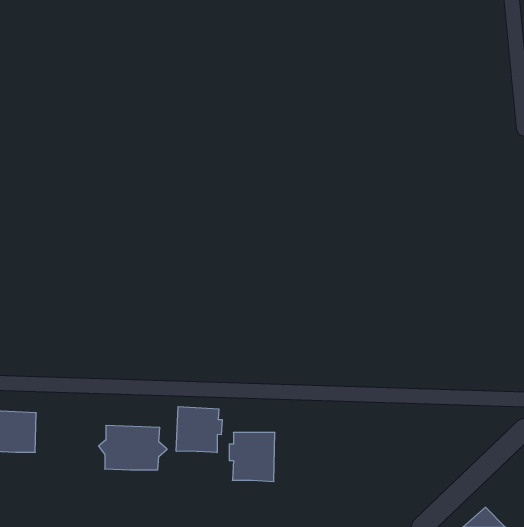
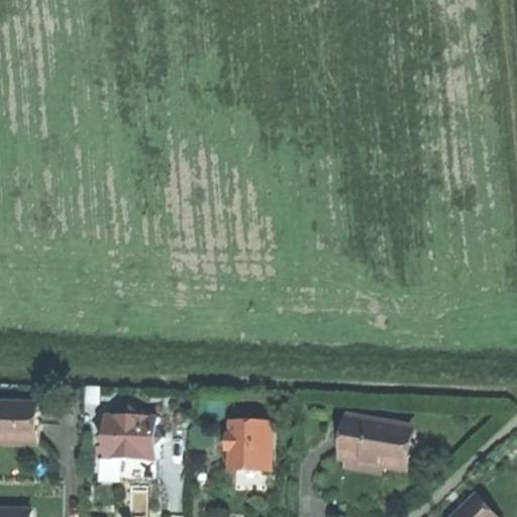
building: [176,407,222,453] -> none
building: none -> [338,414,404,472]

